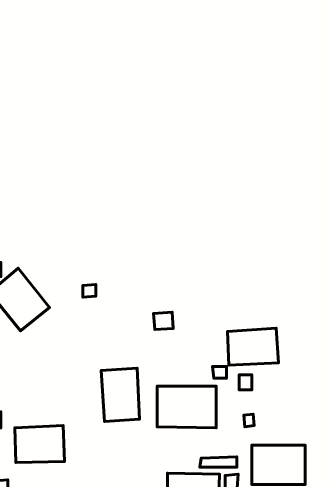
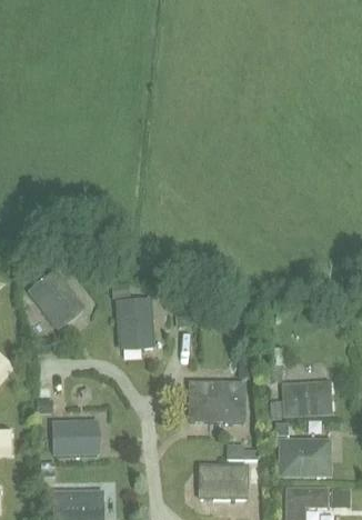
building: [228,328,279,365] -> [283,380,332,416]
building: [101,368,139,421] -> [117,298,153,349]

